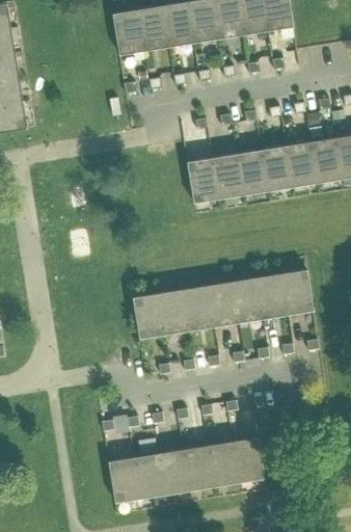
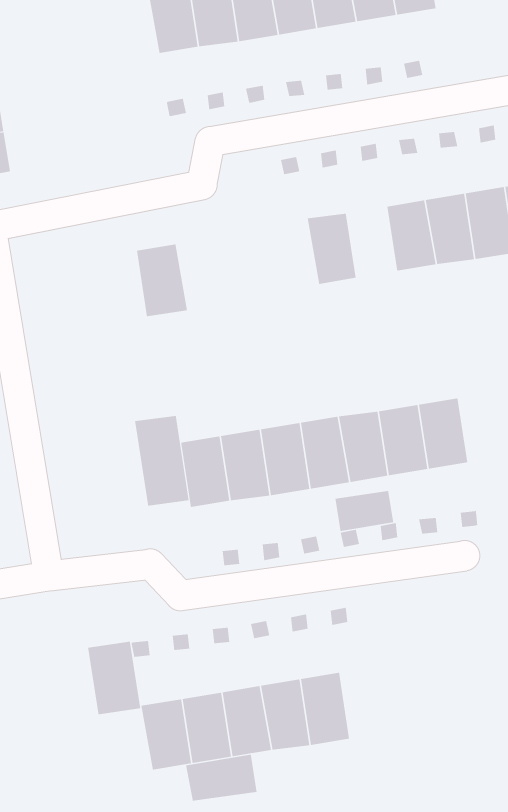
building: [237,150,268,194] -> none
building: [187,157,219,203] -> [136,244,188,317]
building: none -> [135,415,189,506]
building: none -> [335,490,394,532]
building: none -> [87,641,141,715]
building: [233,436,265,482] -> none
building: none -> [185,754,257,802]

